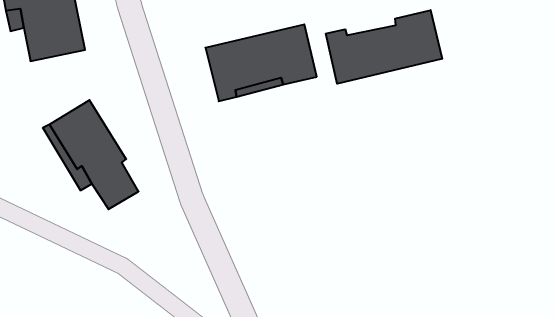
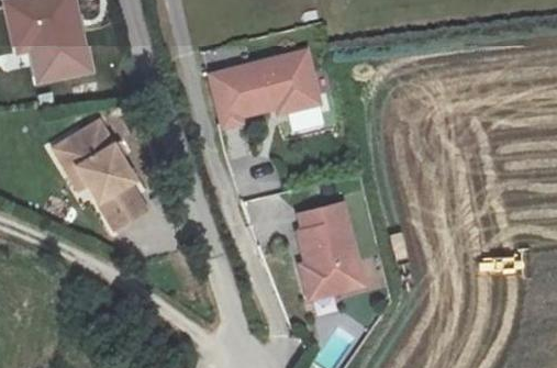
building: [326,10,442,84] -> none
building: none -> [299,202,365,298]

